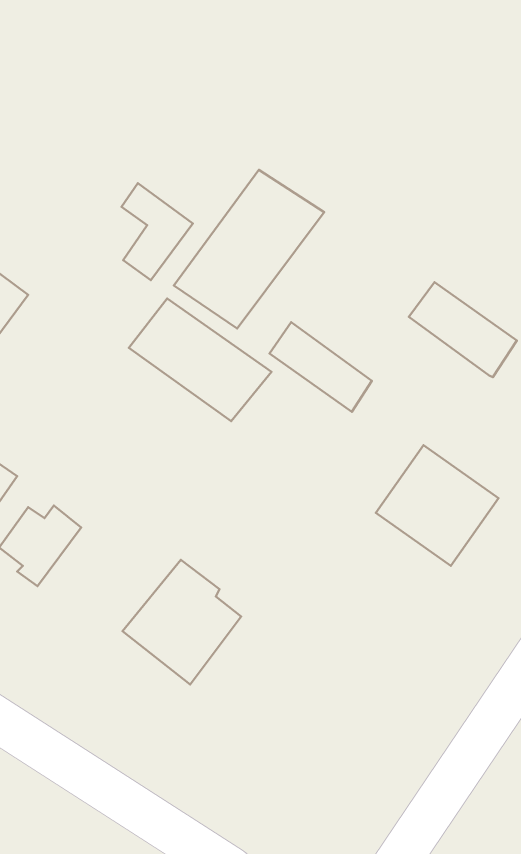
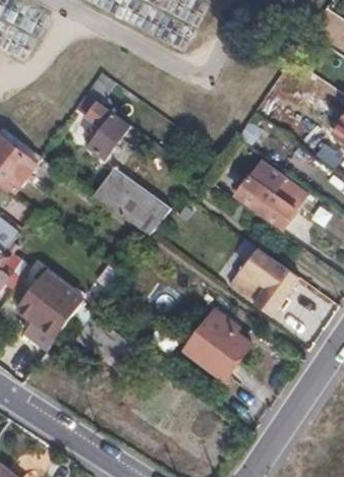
building: [174,170,324,328] -> none
building: [269,322,372,412] -> [236,177,293,227]
building: [122,560,241,684] -> [184,310,250,379]

